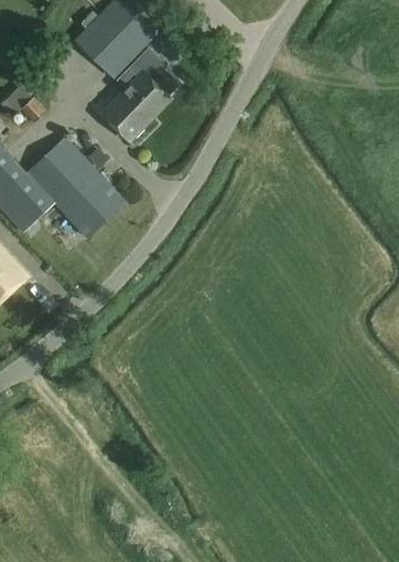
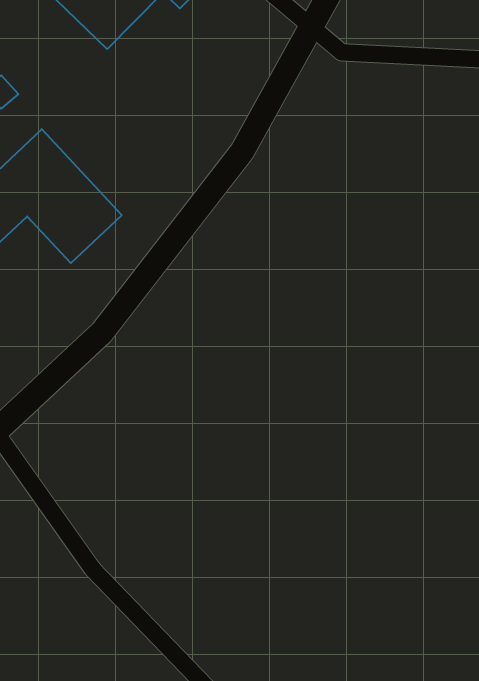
building: [104,46,180,139] -> none

